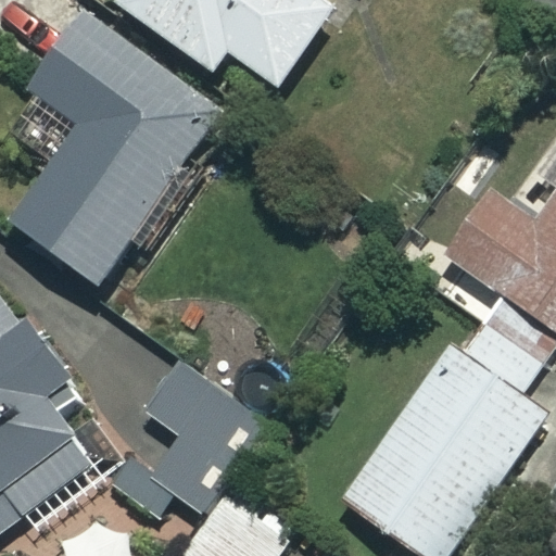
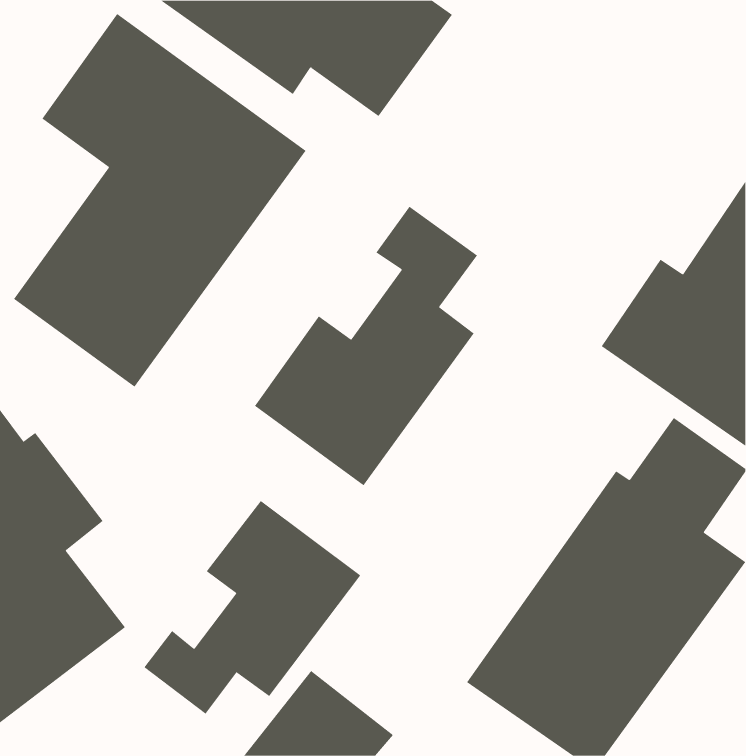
building: none -> [254,206,478,486]

